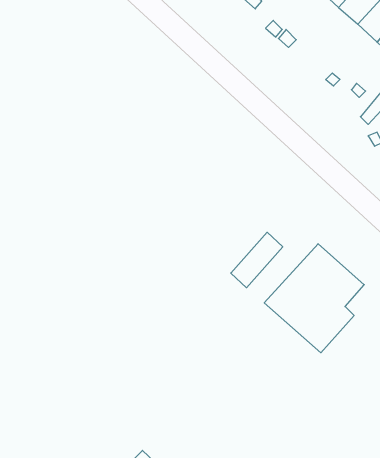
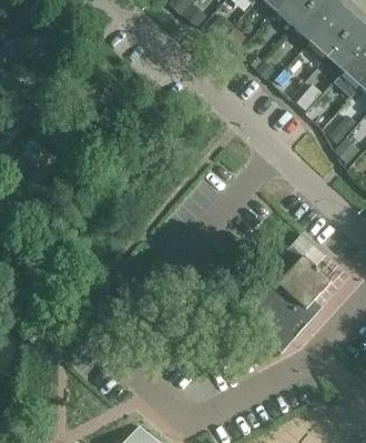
building: [231,232,283,288] -> none

